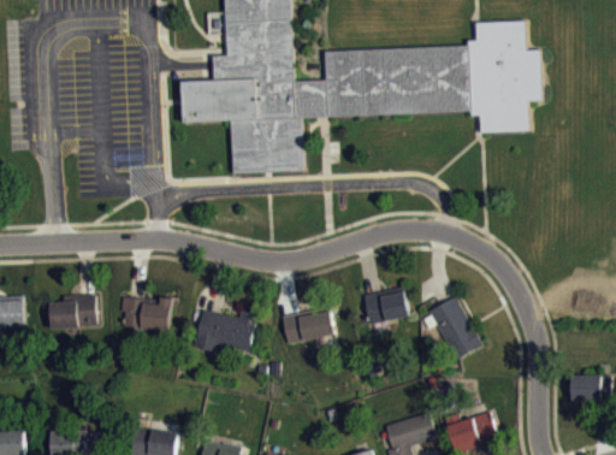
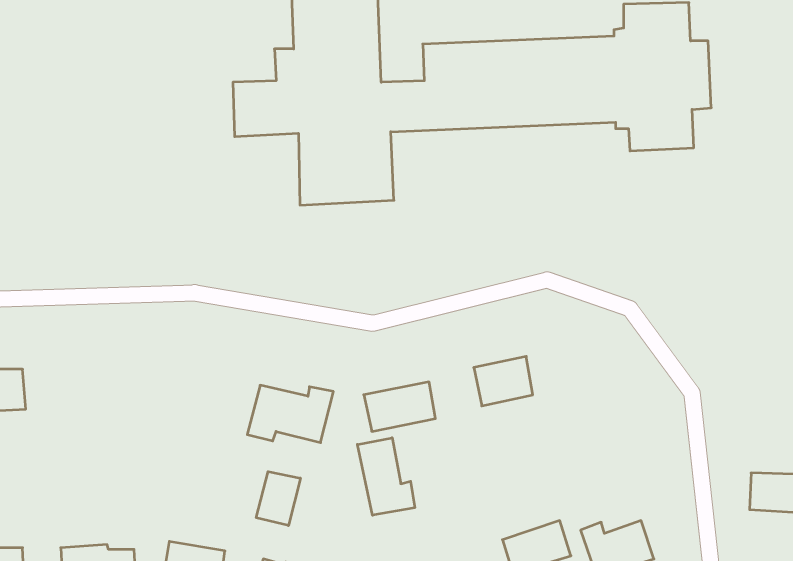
building: [49,295,94,330] -> none
building: [119,297,170,341] -> none
building: [421,297,481,359] -> none
building: none -> [357,438,415,515]
building: none -> [256,472,300,526]

